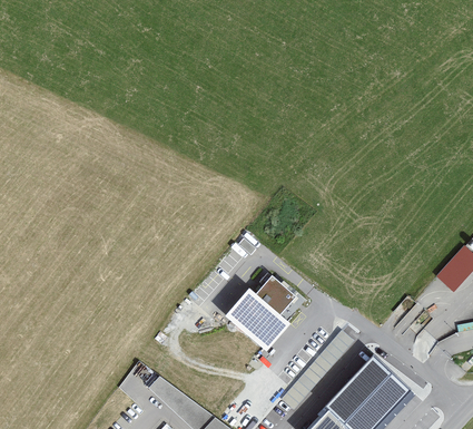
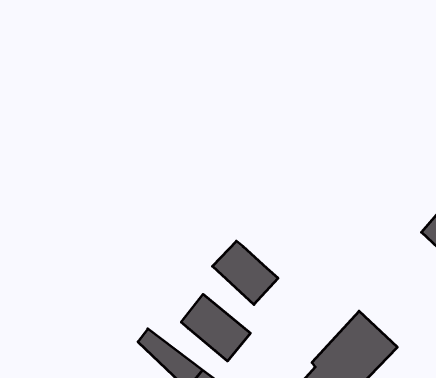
building: [255,272,295,312] -> none
building: none -> [181,294,250,361]

